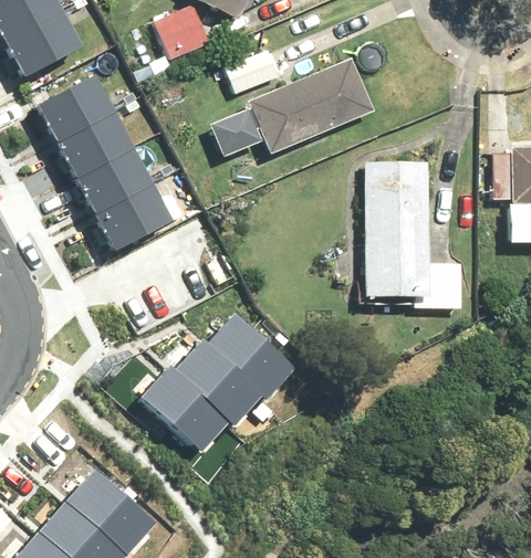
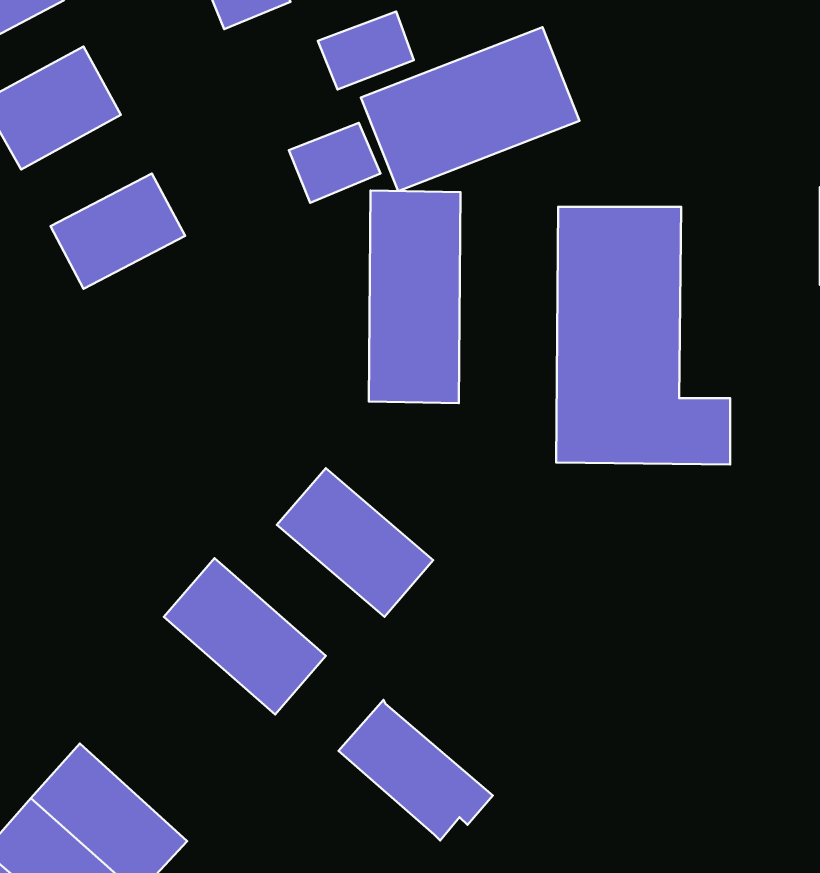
building: [58,110,132,173] -> none
building: none -> [369,191,460,403]
building: [93,179,174,252] -> none
building: [176,340,263,420] -> [338,700,493,840]

